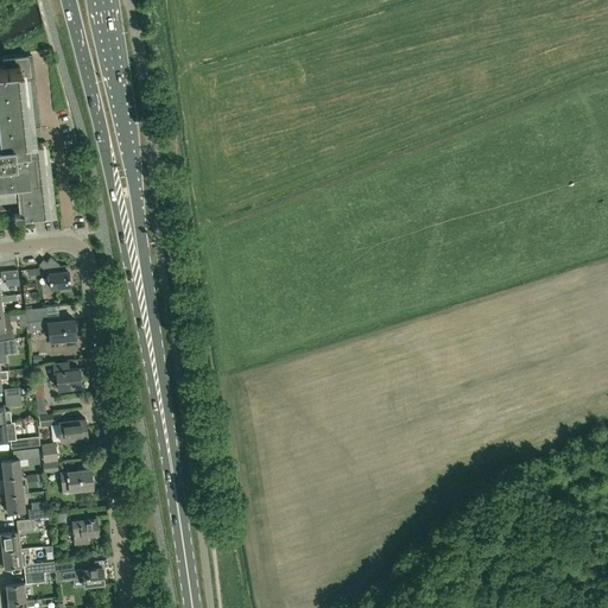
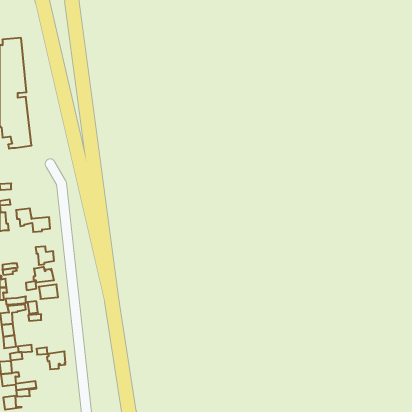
building: [37,258,69,291] -> none
building: none -> [34,267,54,283]
building: [59,470,91,493] -> none
building: [59,562,102,589] -> none

